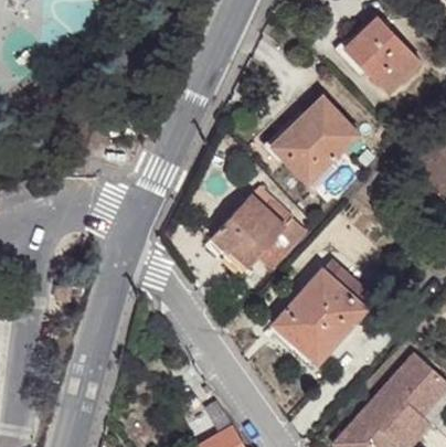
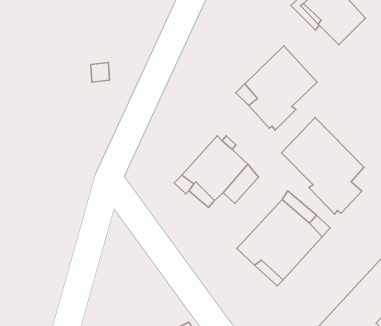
building: none -> [282,117,364,214]

